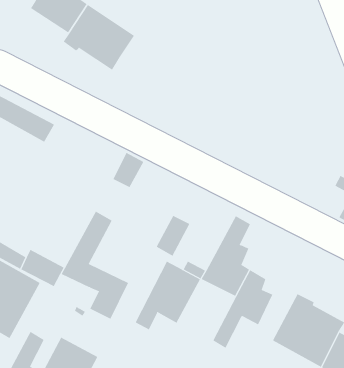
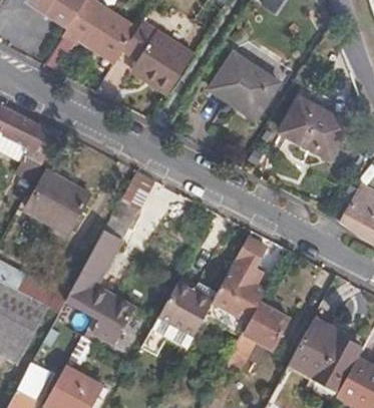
building: none -> [128,37,198,110]
building: none -> [211,52,279,118]
building: none -> [283,99,349,158]
building: none -> [28,172,91,234]
building: [156,215,190,256] -> [102,195,138,239]

